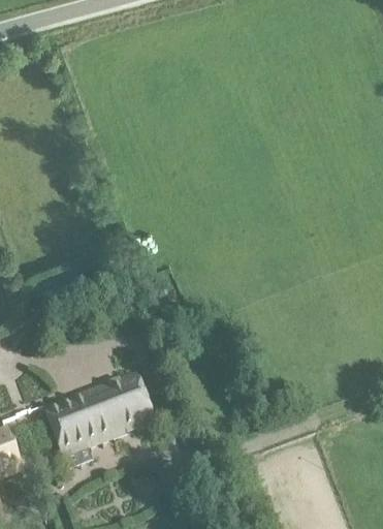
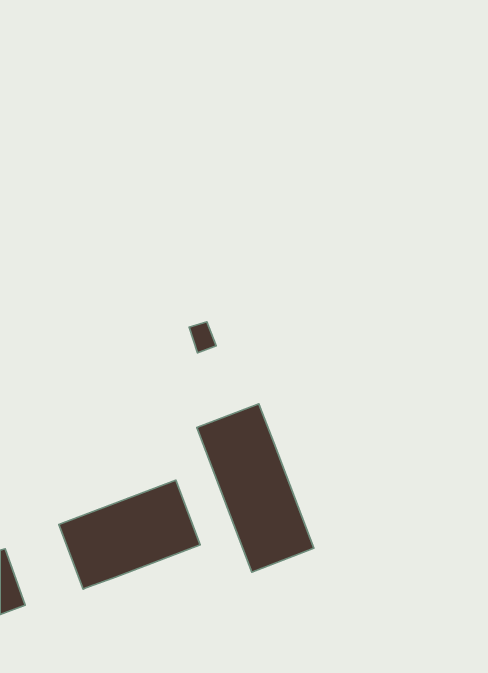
building: none -> [197,404,314,572]

